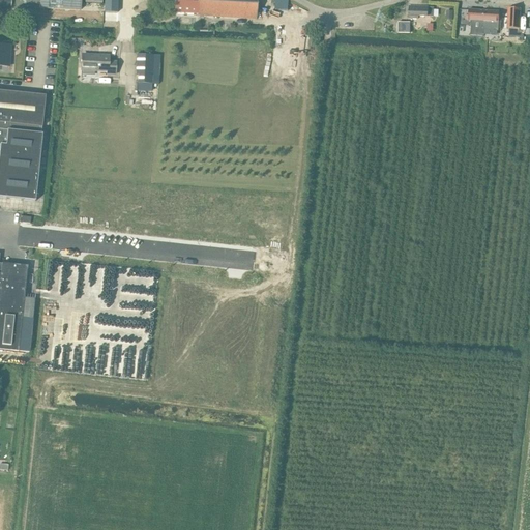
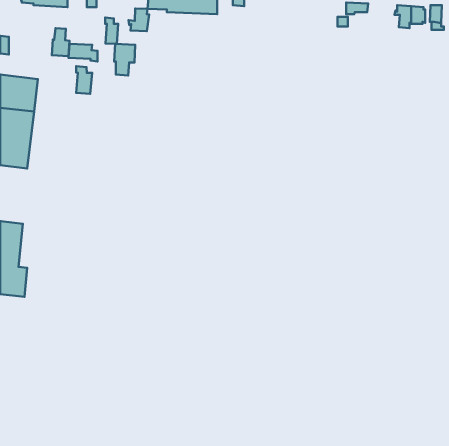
building: none -> [129,8,149,31]
building: none -> [105,17,118,44]
building: none -> [52,28,70,56]
building: none -> [76,66,92,94]

